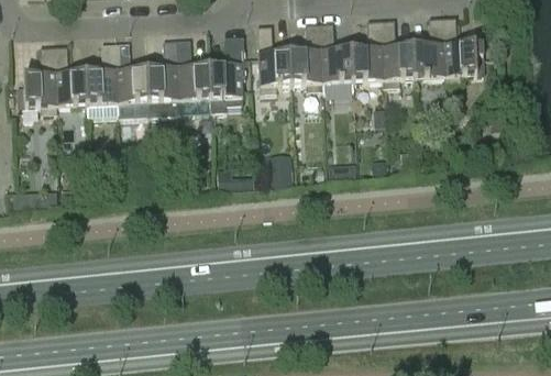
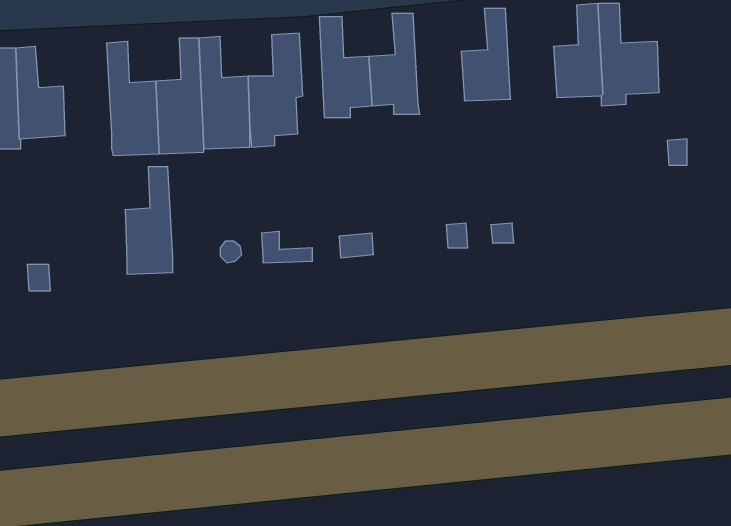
building: [381,16,415,85] -> none
building: [319,20,353,90] -> none
building: [86,41,118,112] -> [125,167,173,274]

